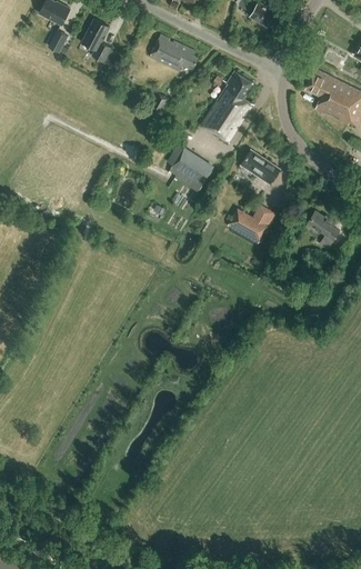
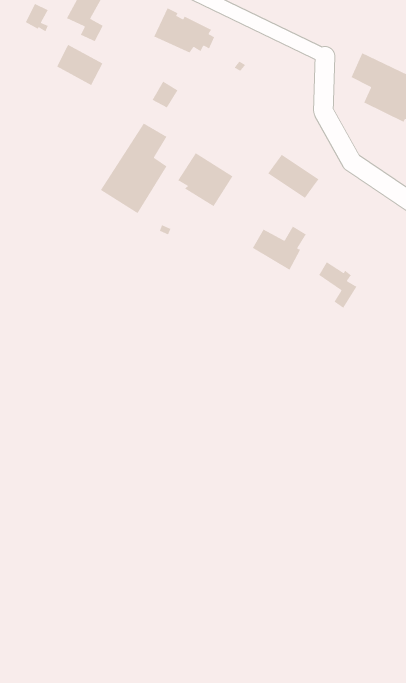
building: none -> [56,44,103,86]
building: [200,71,253,143] -> [100,122,168,214]
building: [308,211,339,249] -> [318,261,358,309]

